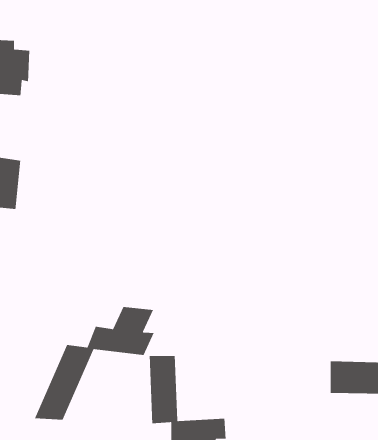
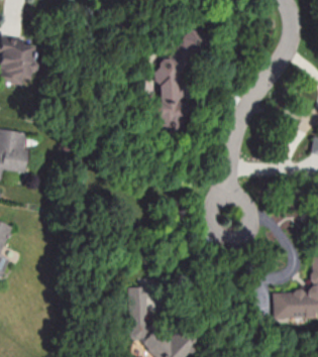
building: none -> [158,33,197,129]
building: [34,306,155,420] -> none

